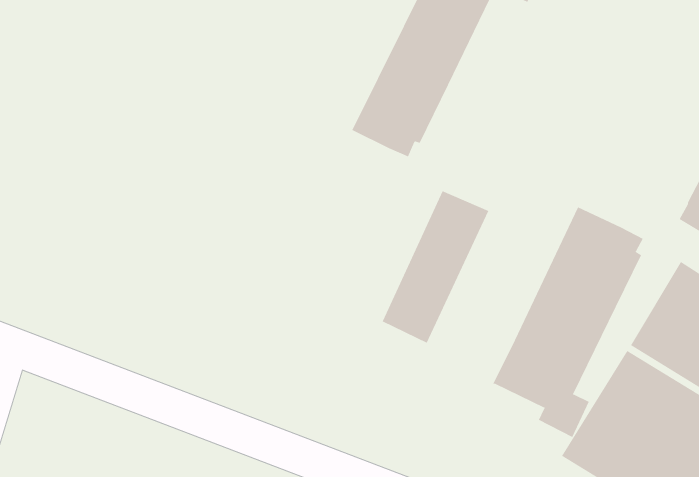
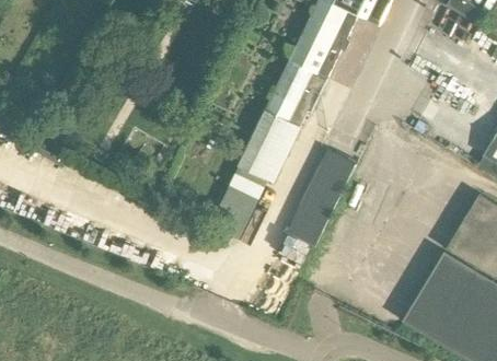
building: none -> [210,107,304,240]
building: [493,206,644,438] -> none

